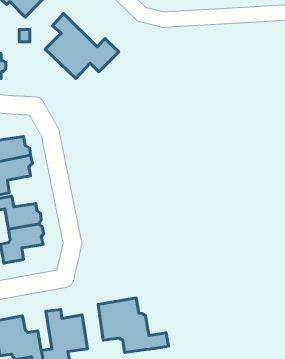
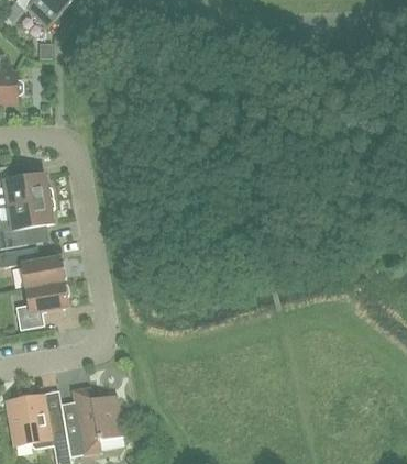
building: [45,14,119,79] -> none
building: [98,298,168,353] -> none

